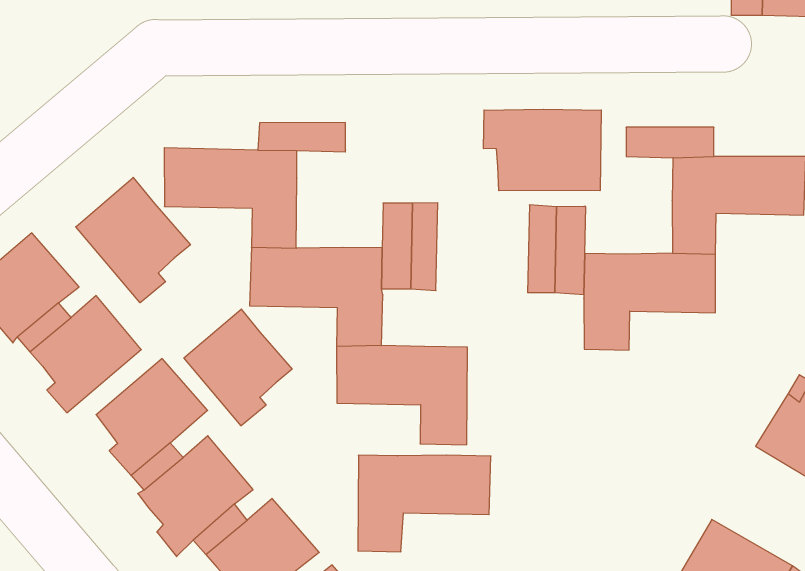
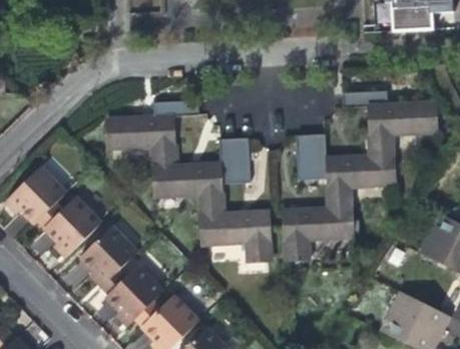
building: [484,109,601,191] -> none
building: [76,177,190,303] -> none
building: [184,309,292,426] -> none
building: [358,455,491,552] -> [284,207,353,260]

